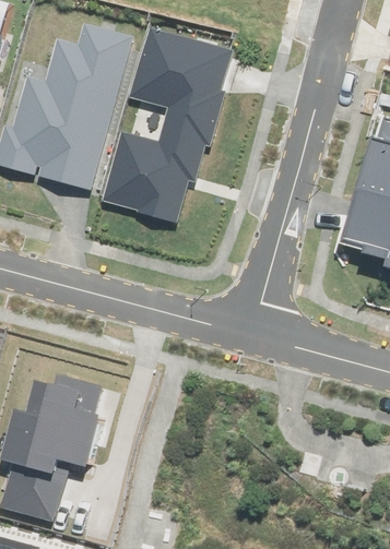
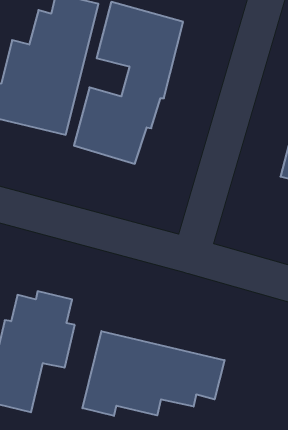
building: none -> [82,331,225,416]

